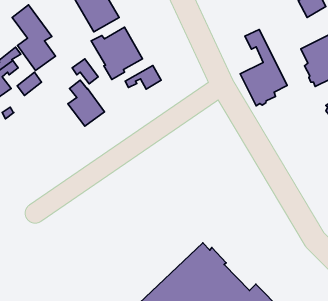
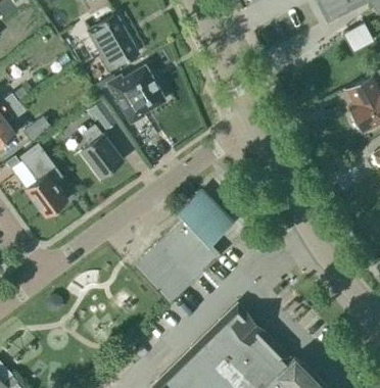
building: [12,5,55,71] -> [19,142,68,216]
building: [240,29,287,106] -> none
building: [125,65,161,89] -> none
building: none -> [133,191,232,303]

